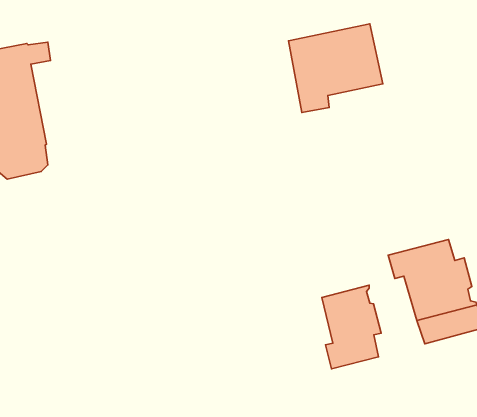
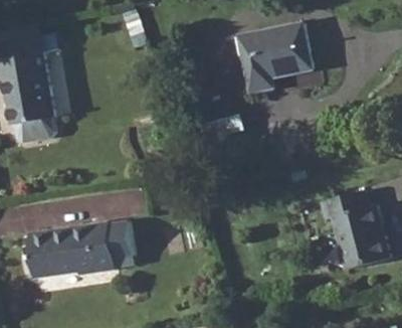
building: none -> [29,222,136,277]
building: [322,285,381,369] -> none

